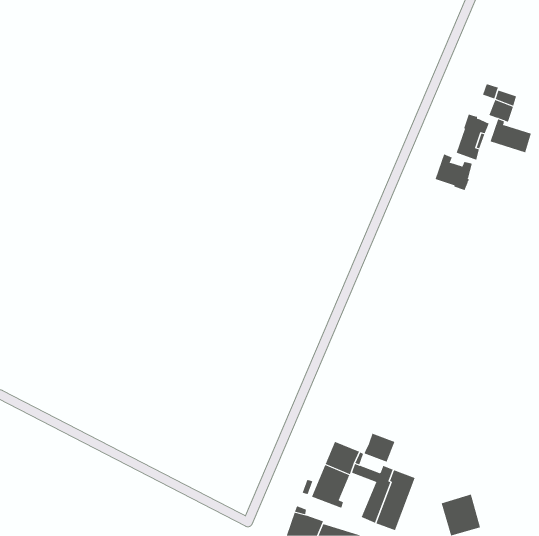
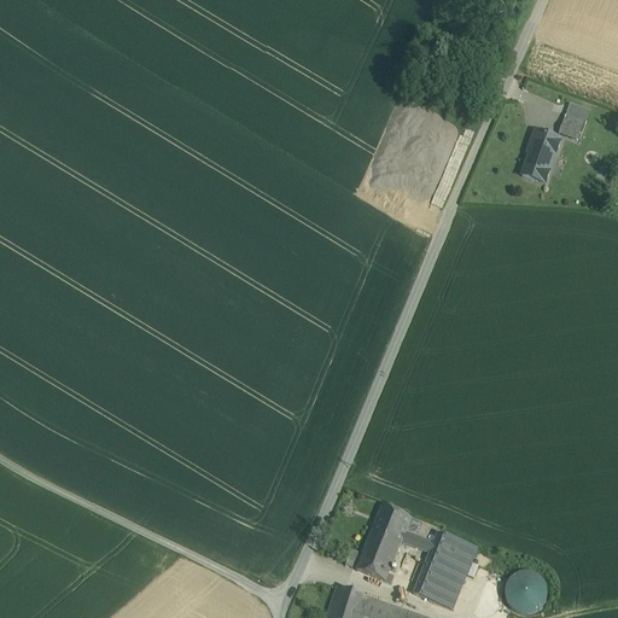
building: [490,118,531,153] -> none
building: [435,153,473,191] -> none
building: [364,433,395,463] -> none

